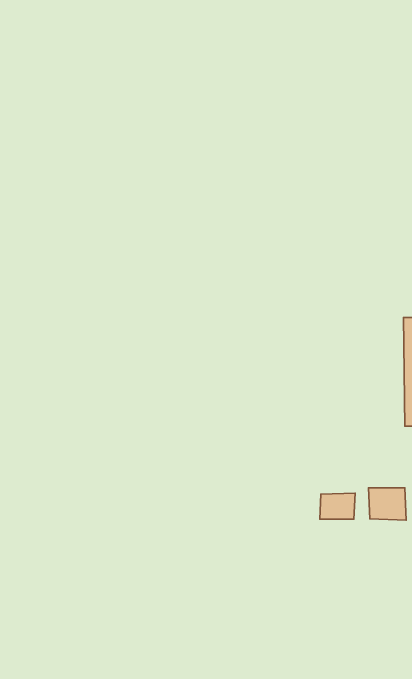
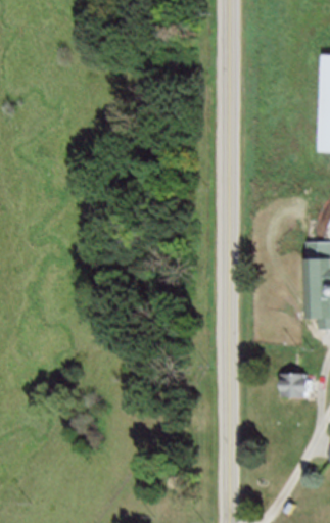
building: [320,493,355,519] -> none

